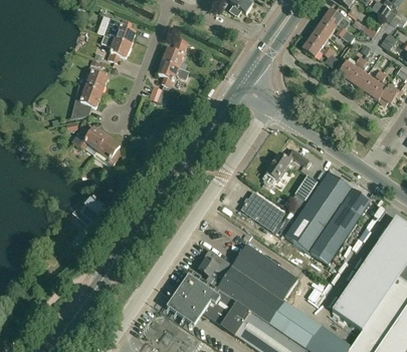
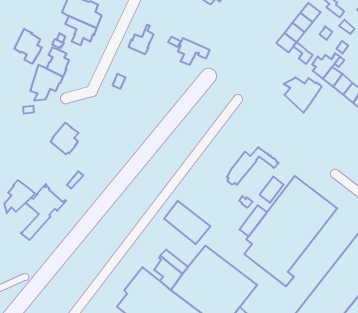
building: none -> [14,29,42,64]
building: [159,60,189,85] -> [178,38,210,65]
building: none -> [284,77,322,113]
building: [72,126,108,152] -> none
building: [241,191,285,231] -> [164,201,210,244]
building: none -> [4,180,35,213]

